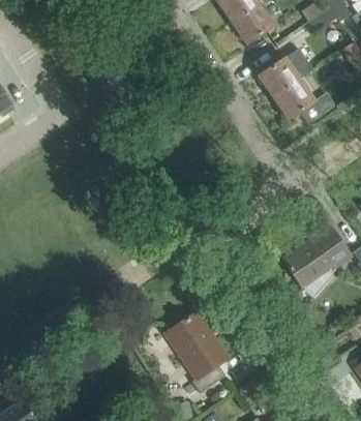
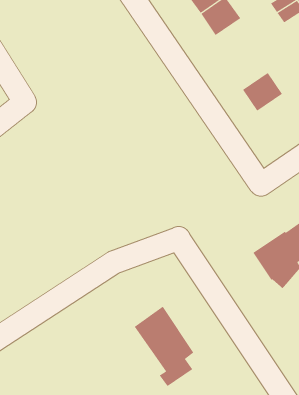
building: [258,47,313,96] -> none

